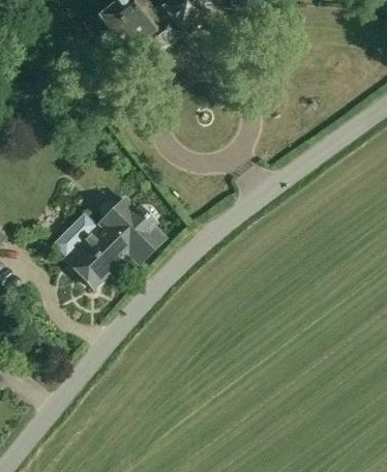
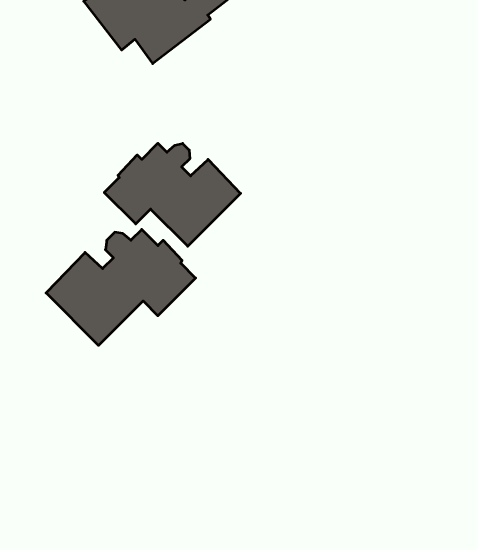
building: none -> [104,143,241,246]

